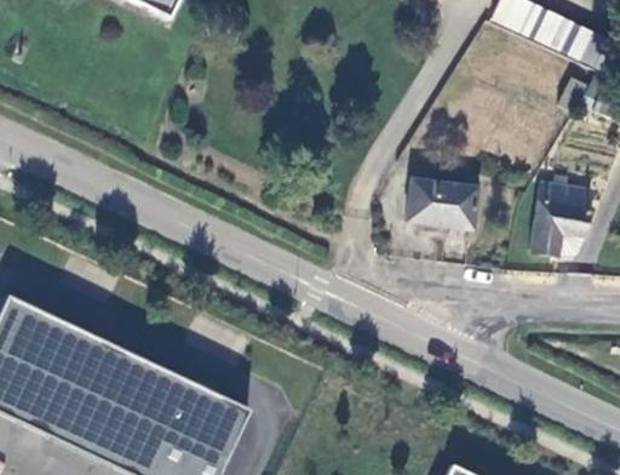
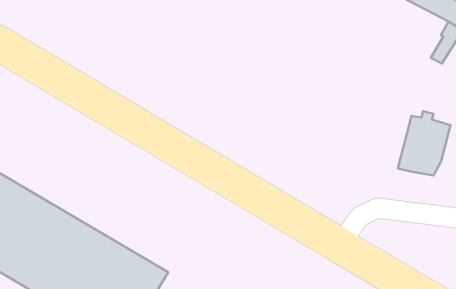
building: [409,178,477,227] -> none

